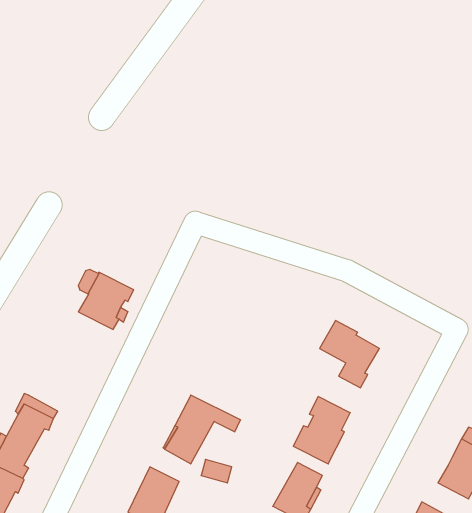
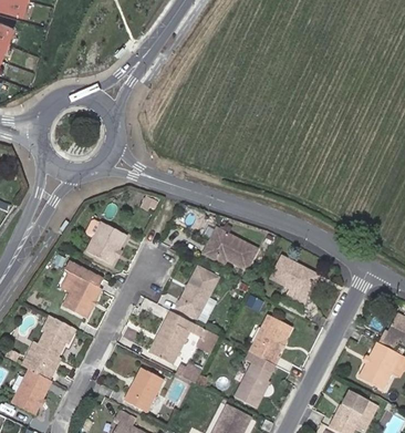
building: none -> [206,226,259,267]
building: none -> [62,264,103,320]
building: none -> [177,266,218,319]

